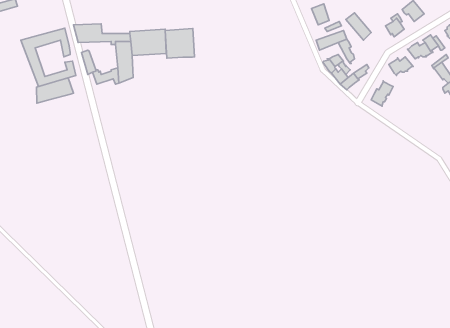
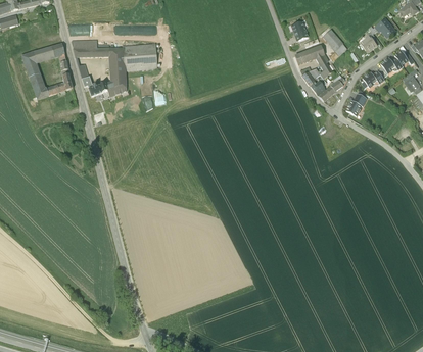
building: [165,28,194,58] -> none
building: [37,78,73,103] -> none

